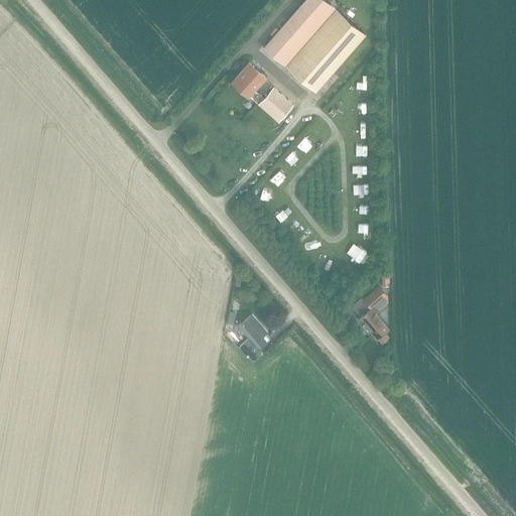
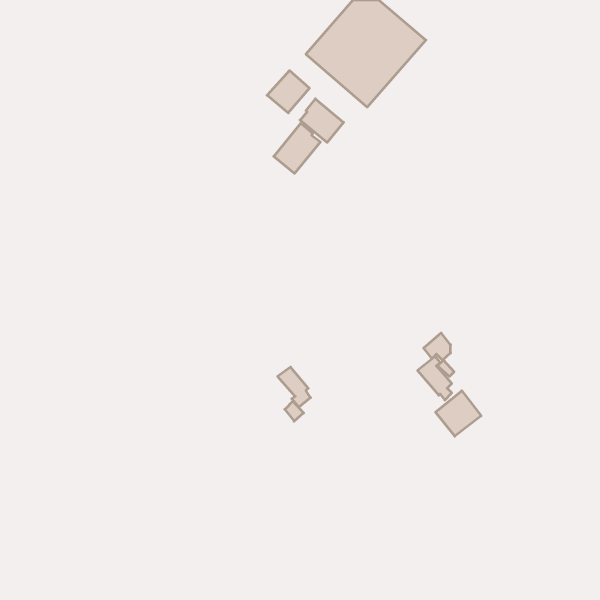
building: none -> [274,123,320,173]
building: none -> [436,391,481,436]

